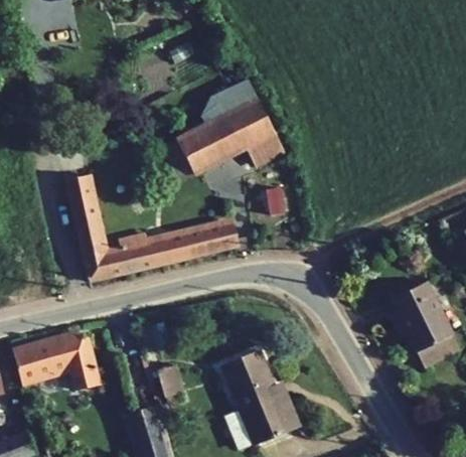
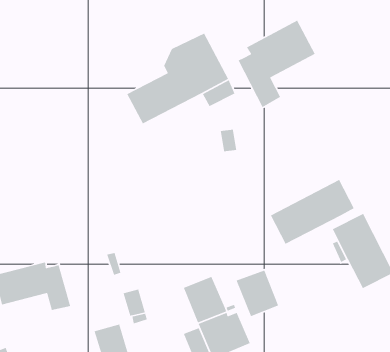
building: none -> [237,20,316,108]
building: [67,173,241,279] -> none
building: none -> [270,179,355,245]
building: none -> [236,270,279,317]

